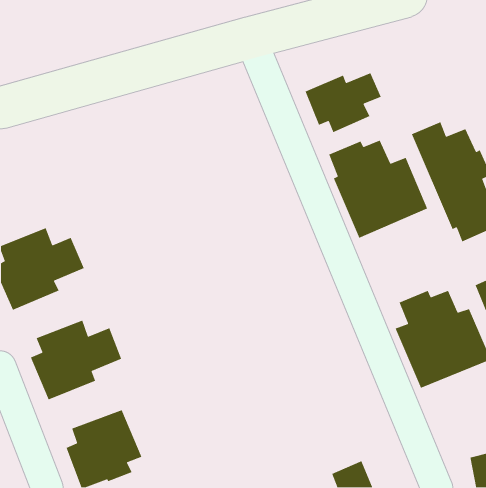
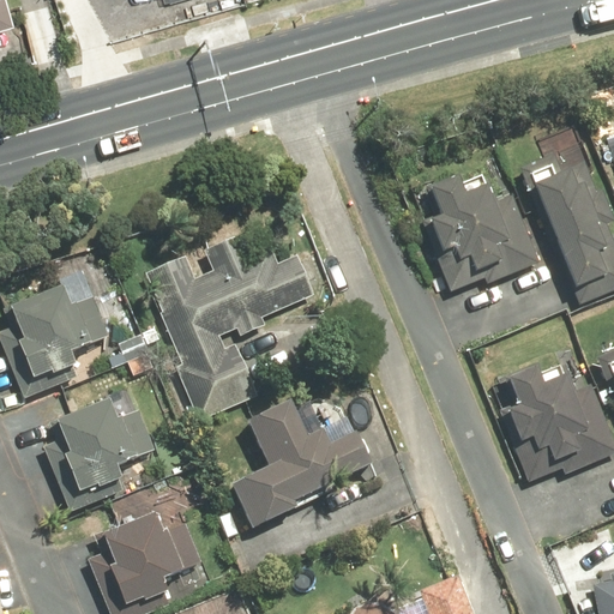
building: [305,72,382,133] -> none
building: none -> [146,230,318,421]
building: none -> [230,399,384,528]

